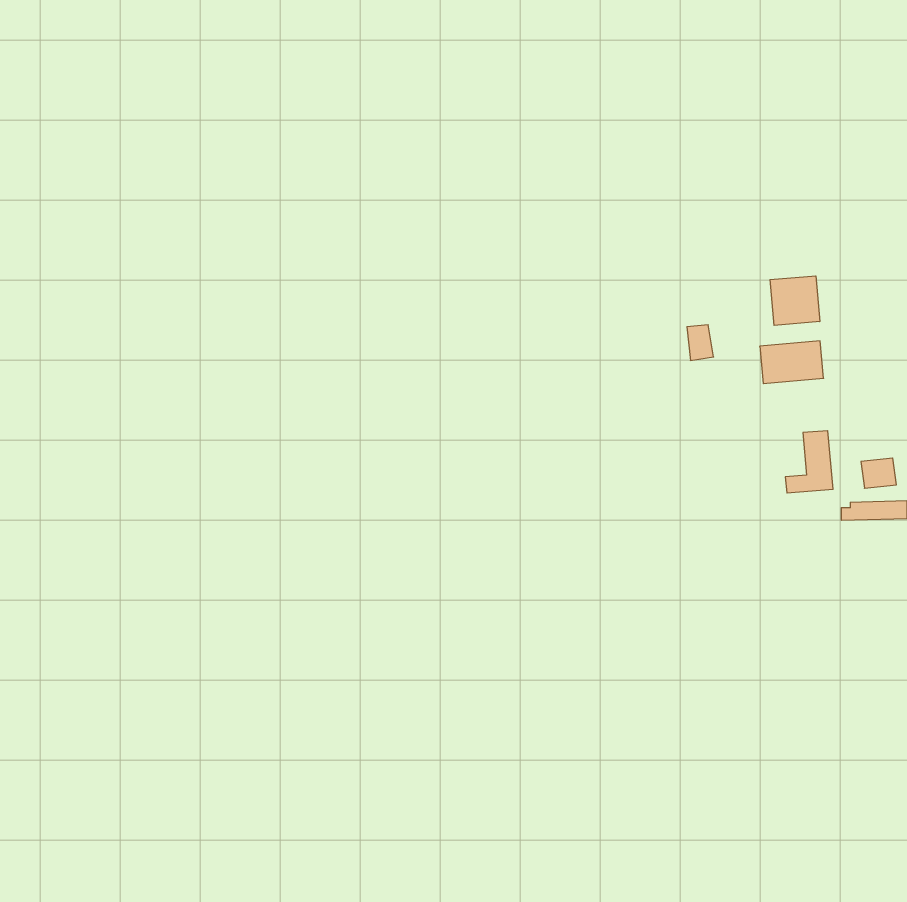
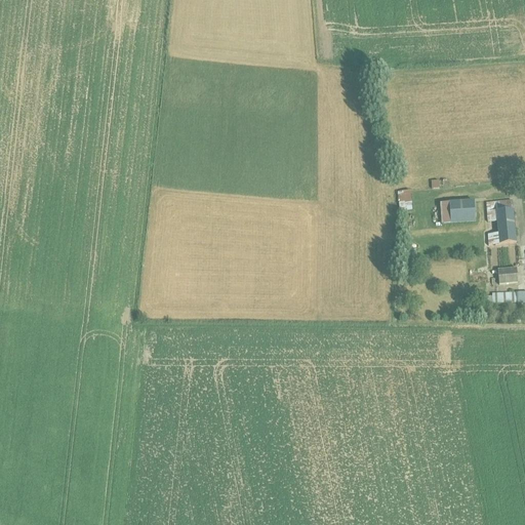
building: [770,276,820,325] -> none
building: [785,431,833,493] -> [488,208,516,244]

